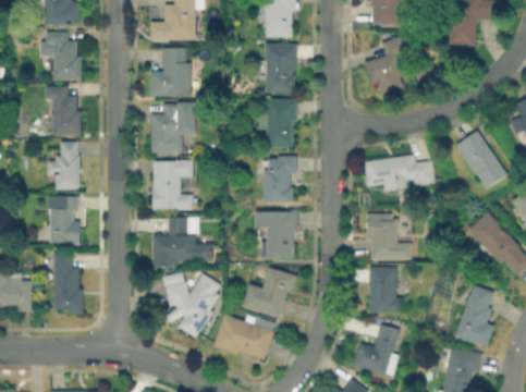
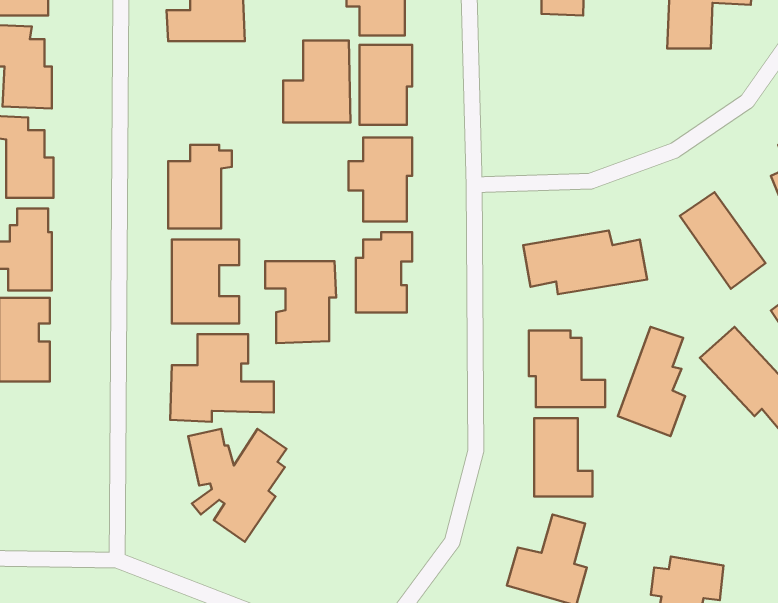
building: [362,35,409,98] -> none
building: [150,47,191,96] -> [283,41,351,122]
building: [255,211,297,260] -> [265,261,336,343]
building: [54,252,83,314] -> none
building: [253,267,297,318] -> none
building: [454,284,494,350] -> [618,327,685,436]
building: [211,314,274,360] -> none

